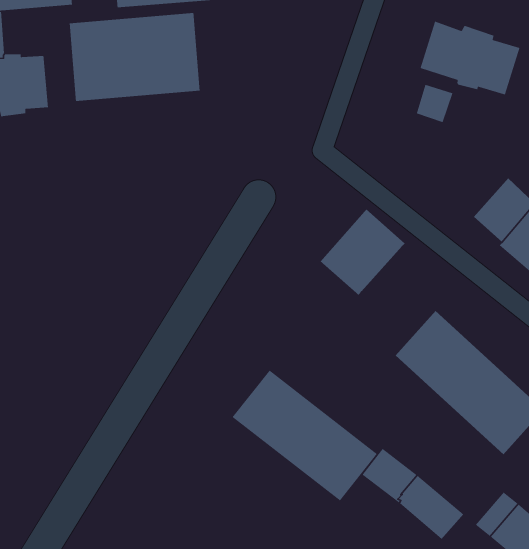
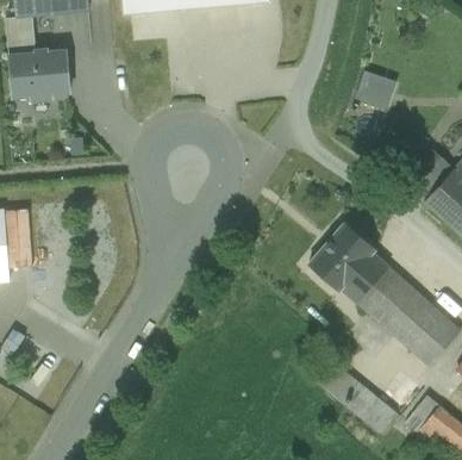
building: [69,12,200,102] -> none
building: [419,21,521,95] -> none
building: [319,209,406,296] -> [308,222,376,291]
building: [232,369,378,501] -> none

